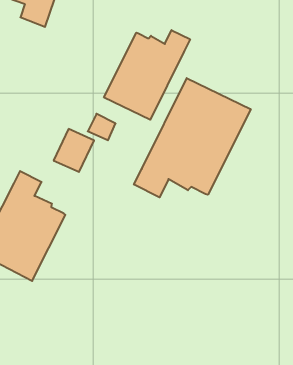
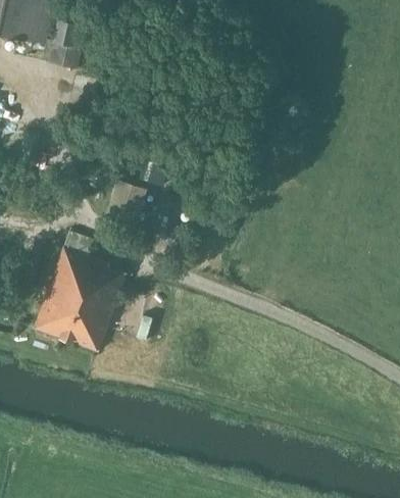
building: [104,30,190,120] -> none
building: [134,78,251,197] -> none

